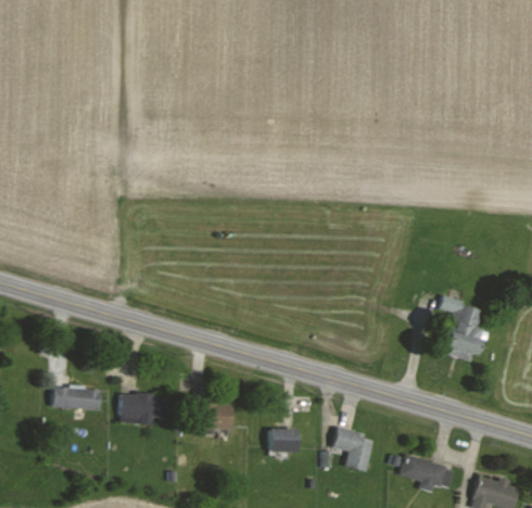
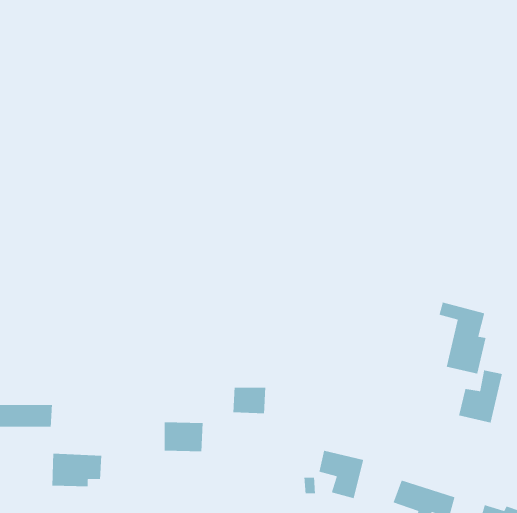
building: none -> [458,370,503,424]
building: [119,393,164,423] -> [51,453,102,487]
building: [268,429,297,453] -> [233,387,266,414]

